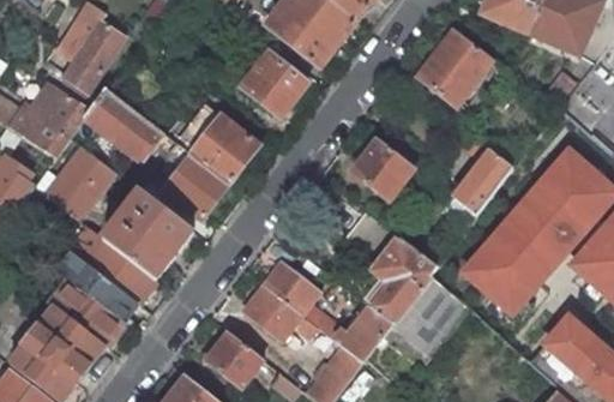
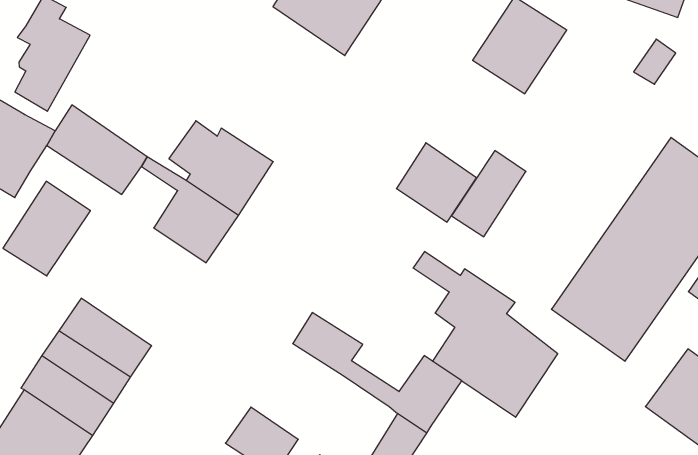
building: [241,52,306,116] -> none
building: [451,148,511,214] -> [451,151,526,237]
building: [102,190,191,278] -> none
building: [243,284,333,343] -> none

